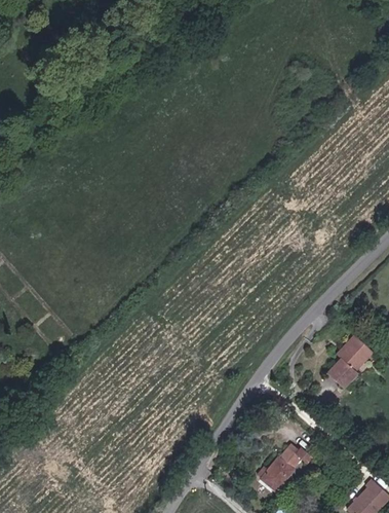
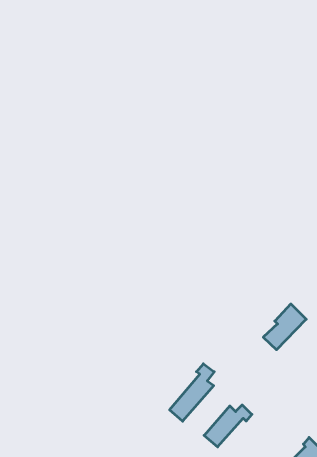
building: none -> [170,364,214,421]

